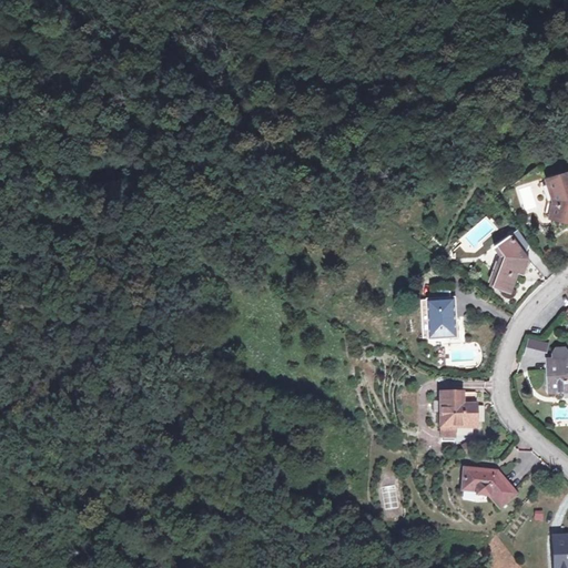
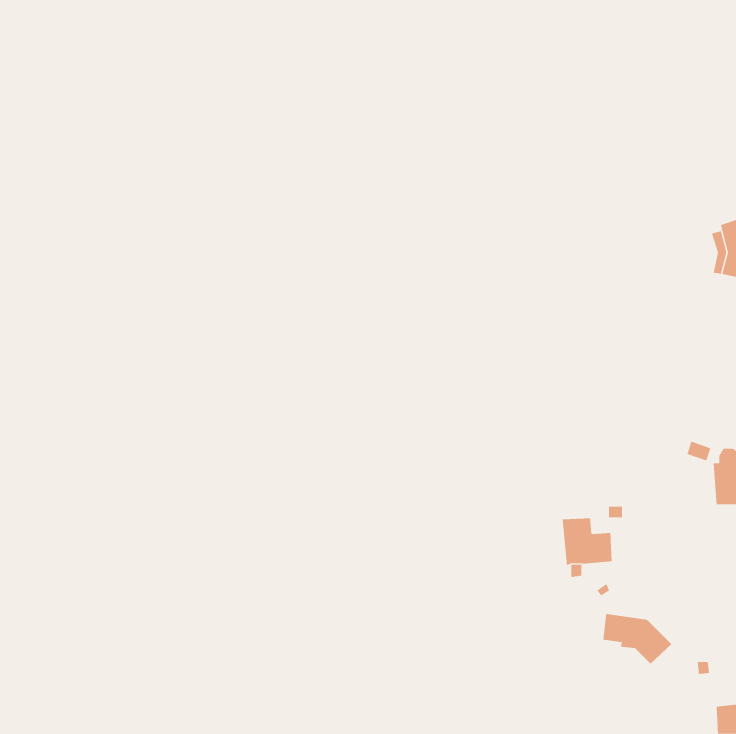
building: [495,220,530,283] -> none
building: [425,303,452,342] -> none

